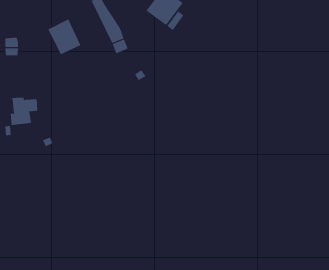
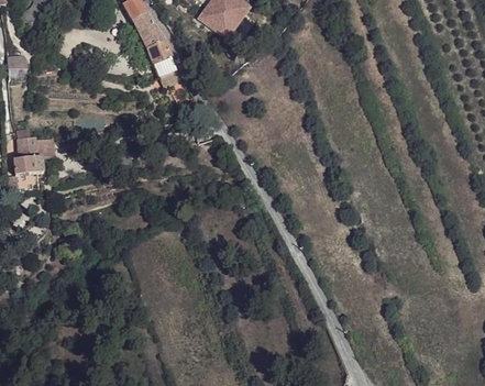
building: [47,19,81,55] -> none

